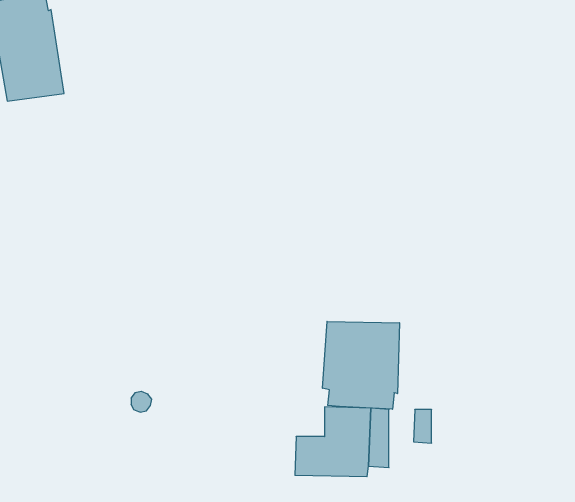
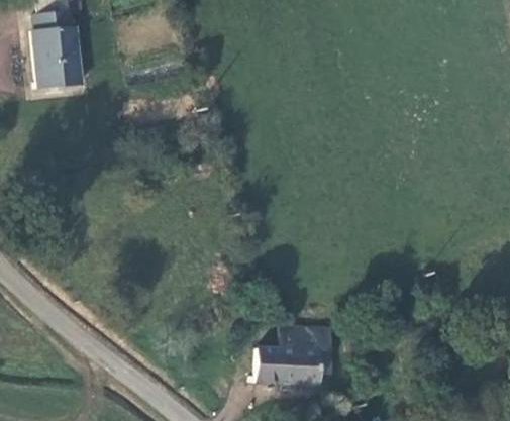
building: [323,321,399,409] -> none

